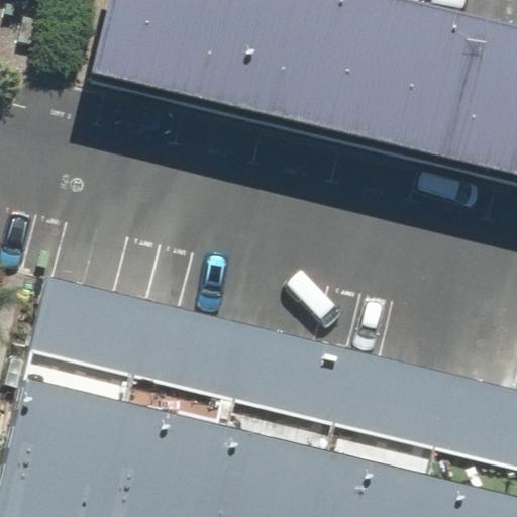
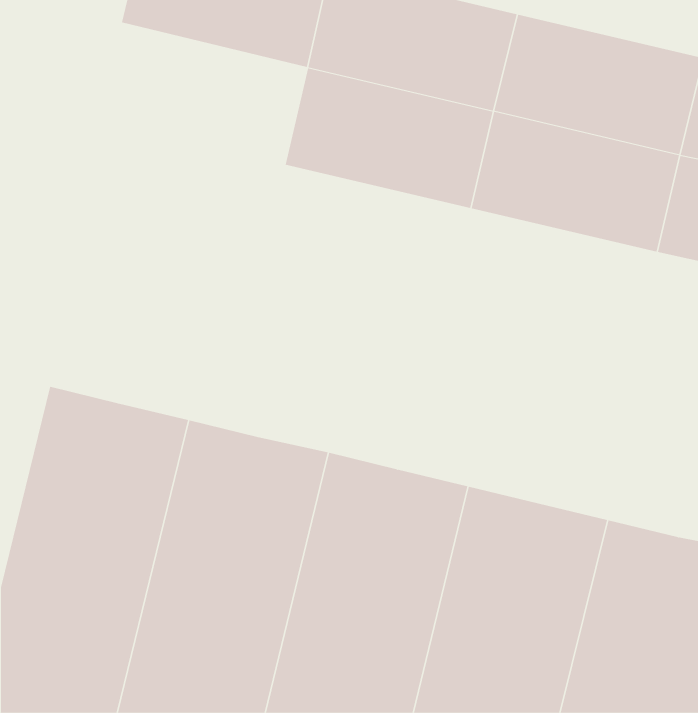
building: [87,16,236,118] -> none

